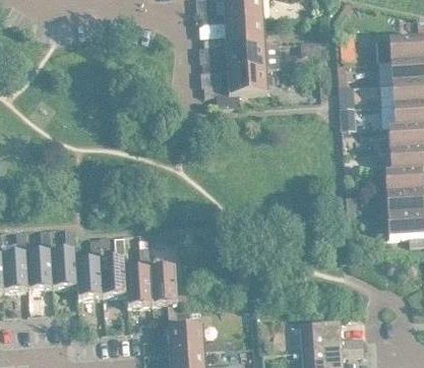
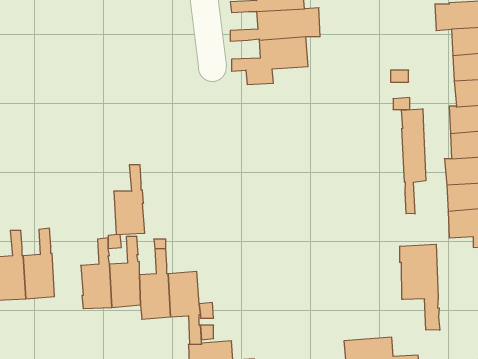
building: none -> [401,109,426,214]
building: [51,227,77,286] -> [114,165,145,234]
building: none -> [400,244,440,330]

